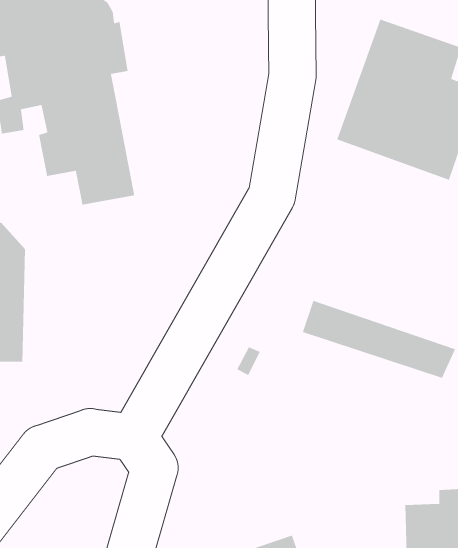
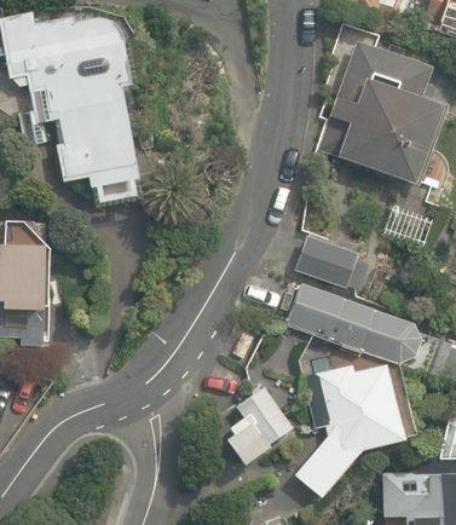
building: none -> [296,235,369,288]
building: none -> [298,362,406,495]
building: none -> [226,383,295,462]

